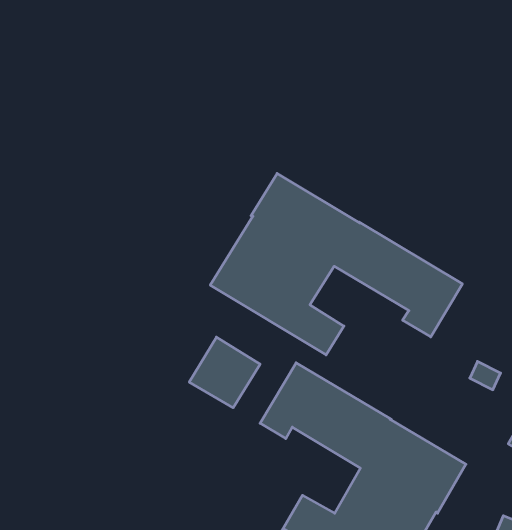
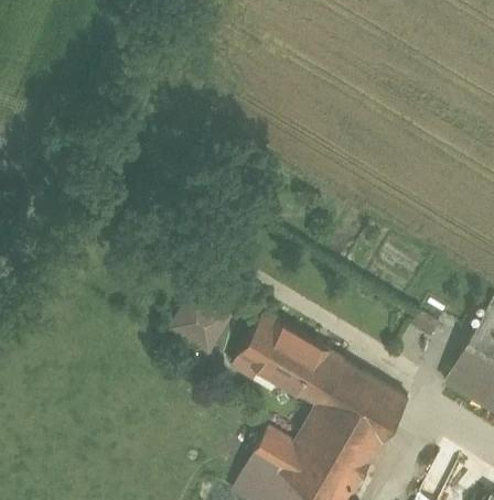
building: [210,173,462,355] -> none

